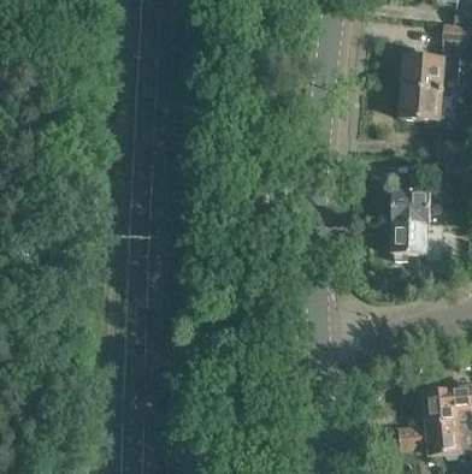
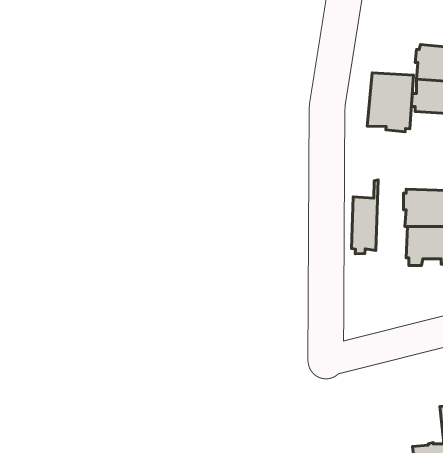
building: none -> [367,73,413,132]
building: none -> [351,180,378,254]

